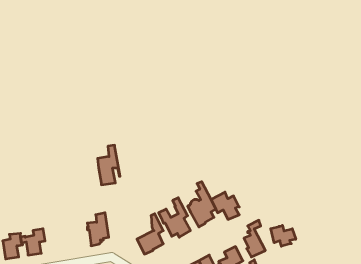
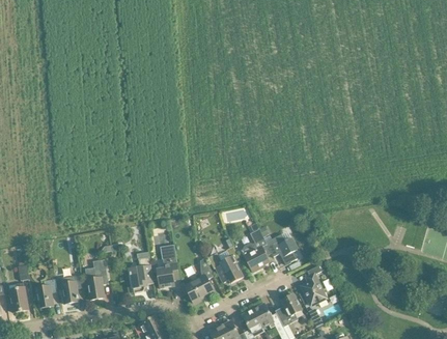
building: [98,145,120,185] -> [156,244,180,287]
building: none -> [86,258,109,299]
building: [271,225,296,246] -> none

